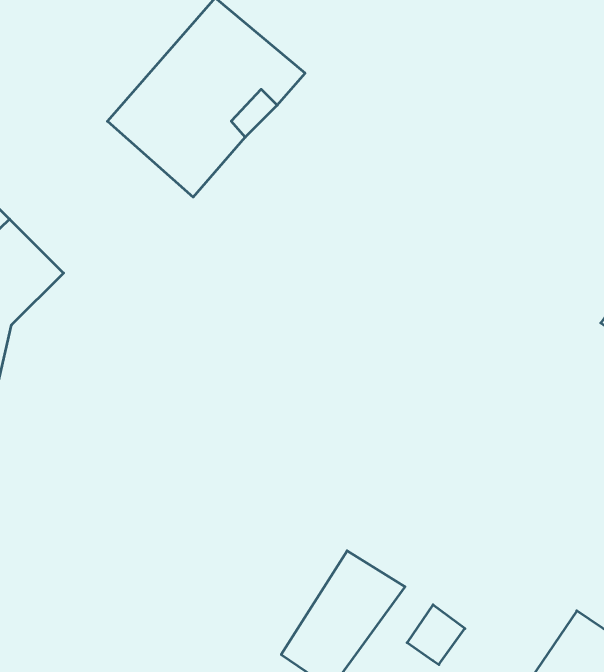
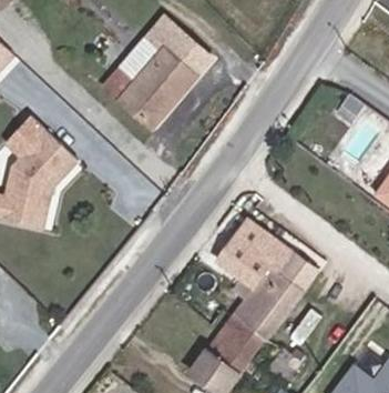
building: none -> [214,228,306,344]

